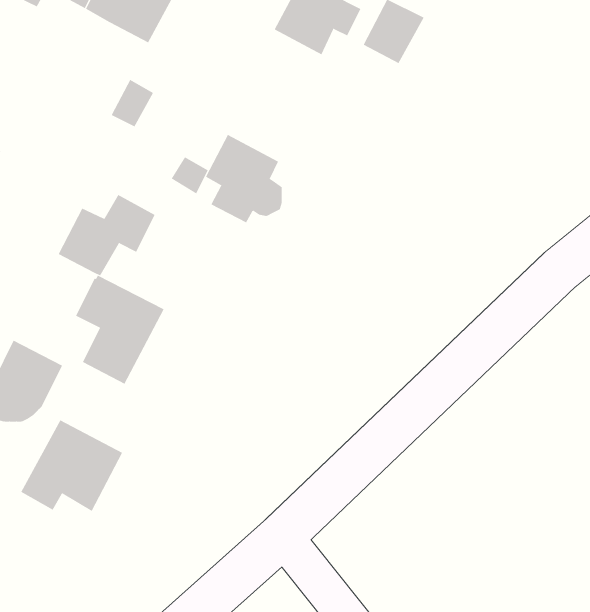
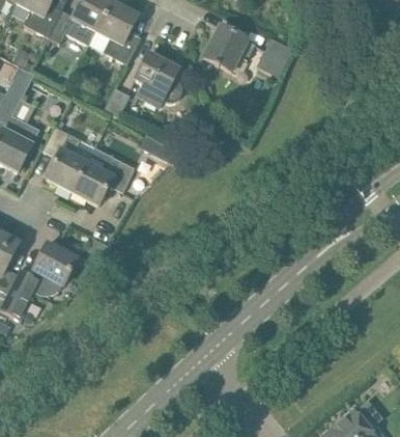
building: [205,134,282,223] -> [135,53,181,107]
building: [75,275,164,385] -> [42,126,96,192]
building: [20,420,123,512] -> none

